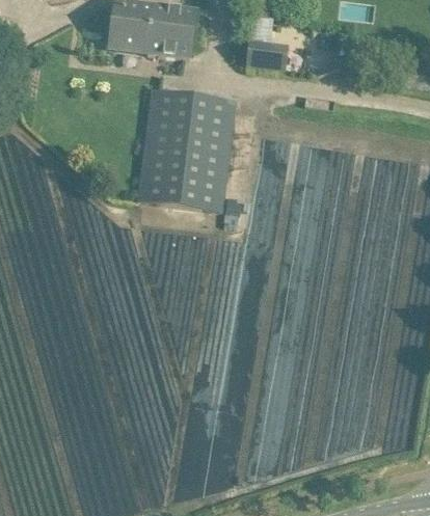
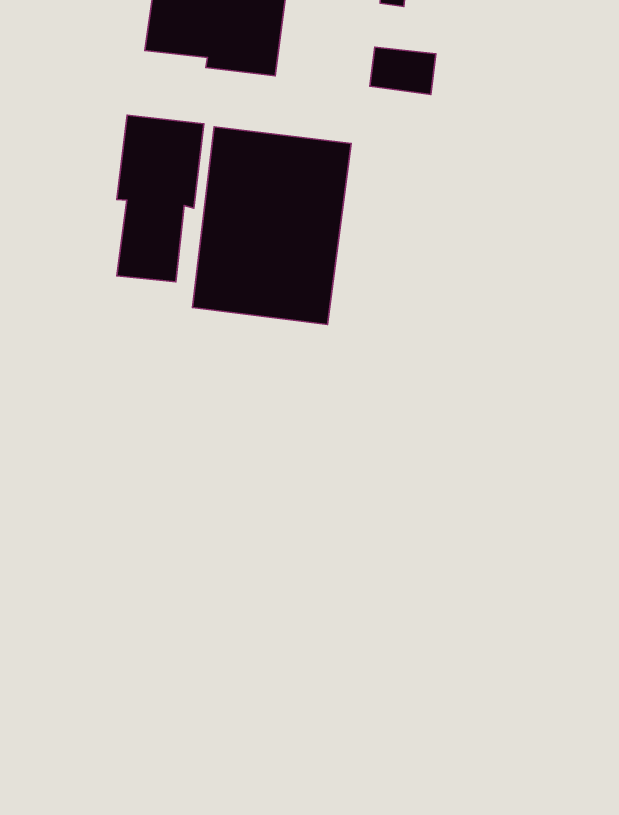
building: none -> [117,115,204,282]

